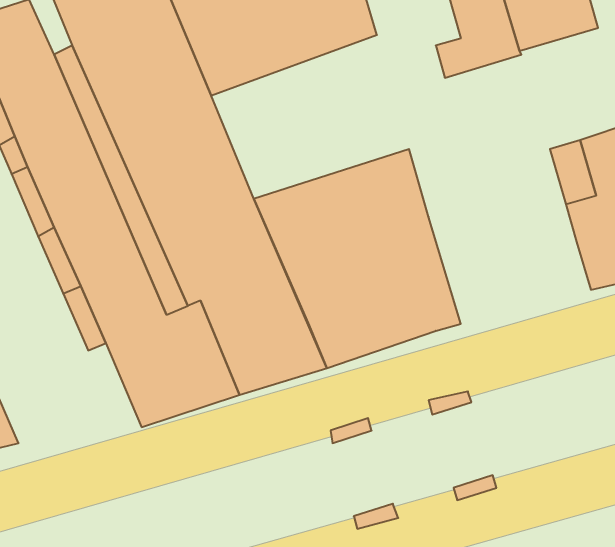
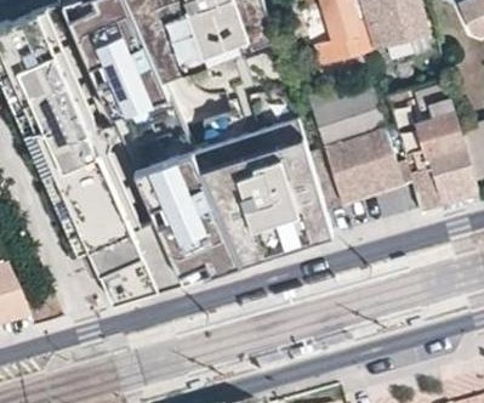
building: none -> [309,80,402,199]

